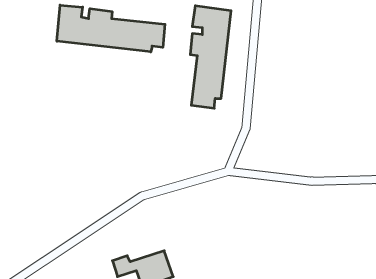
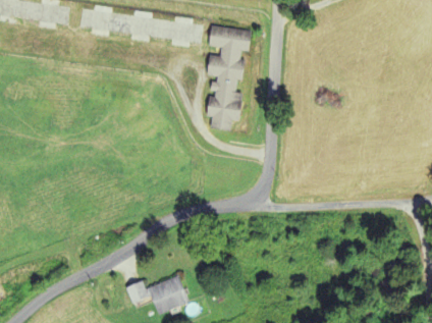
building: [57,5,165,52] -> none

